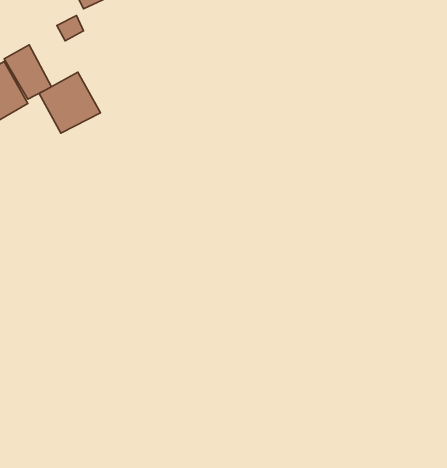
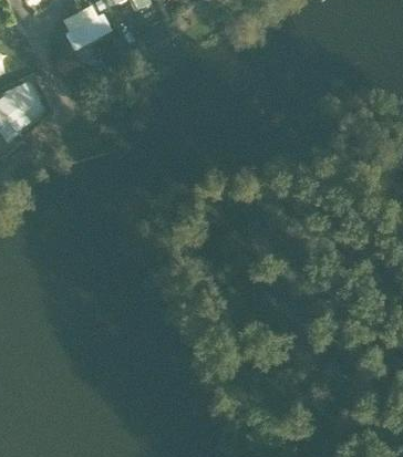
building: [39,72,101,133] -> none

